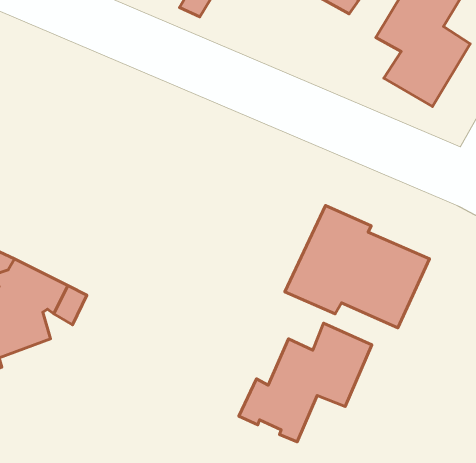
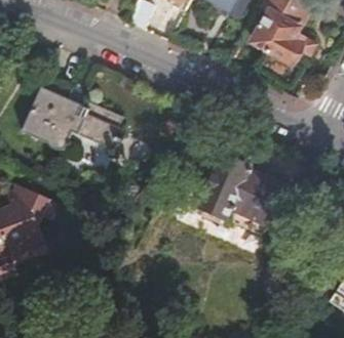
building: none -> [21,75,124,154]
building: [239,323,372,442] -> none

